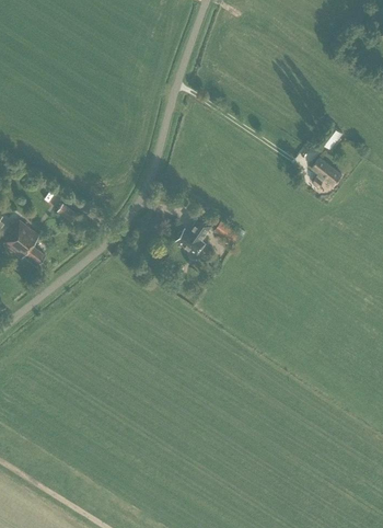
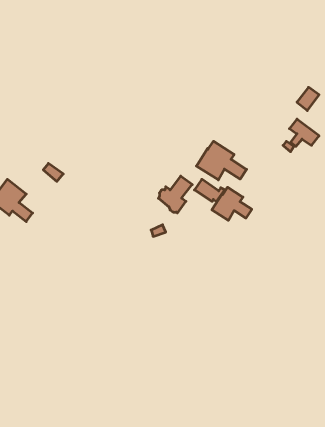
building: none -> [196,141,247,180]
building: none -> [212,187,252,220]

